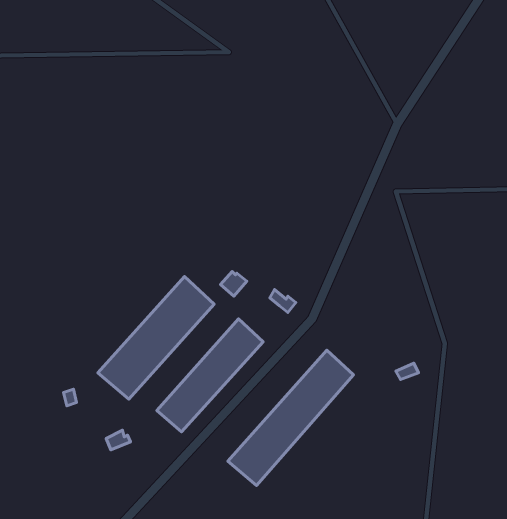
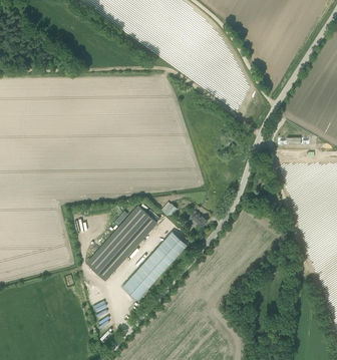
building: [228,350,354,485] -> none

